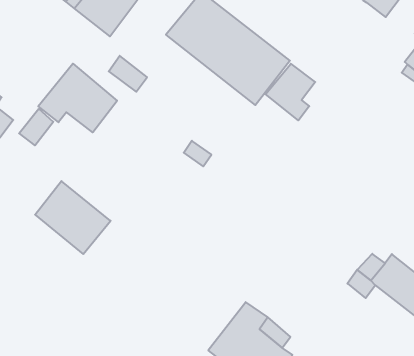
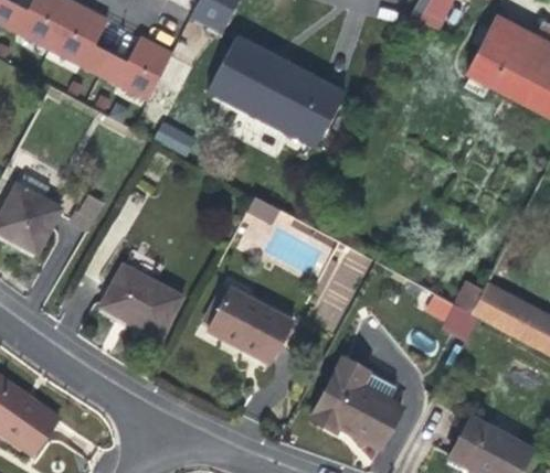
building: [38,64,117,132] -> none
building: [265,64,315,120] -> none
building: none -> [208,287,294,364]

